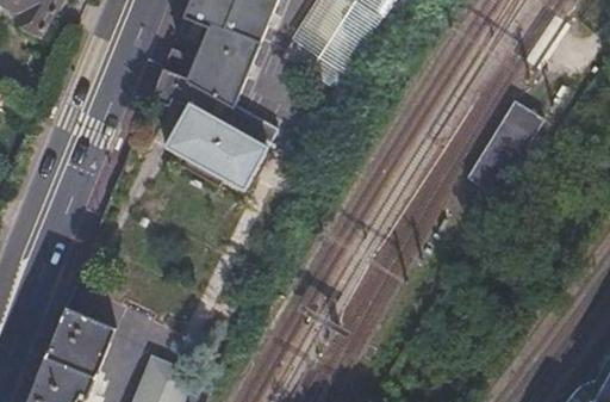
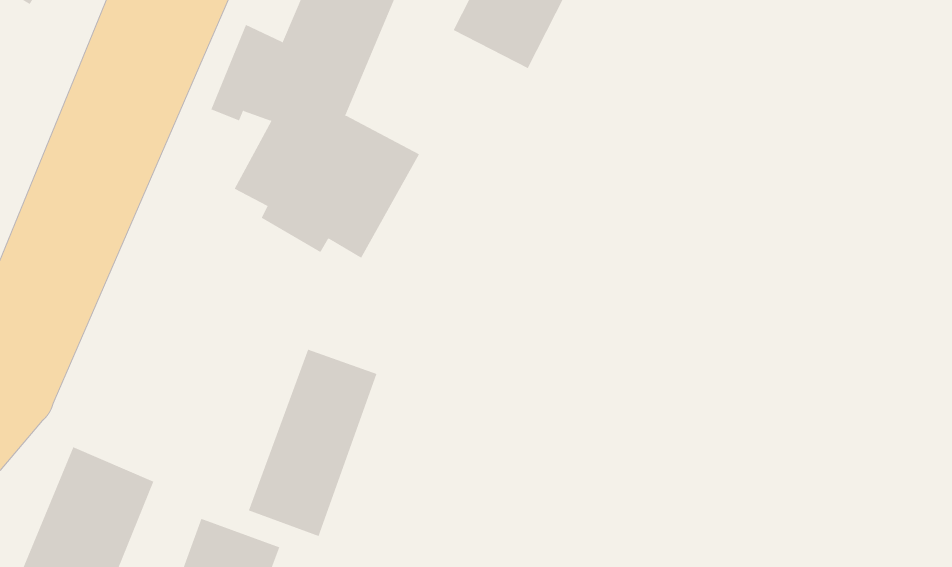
building: [467,100,543,193] -> none
building: none -> [248,349,377,537]

